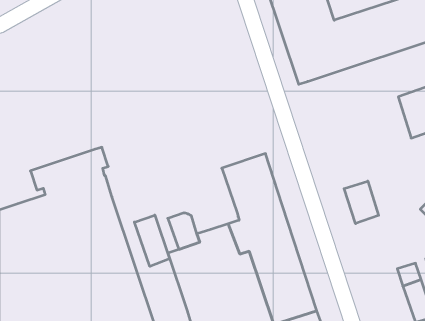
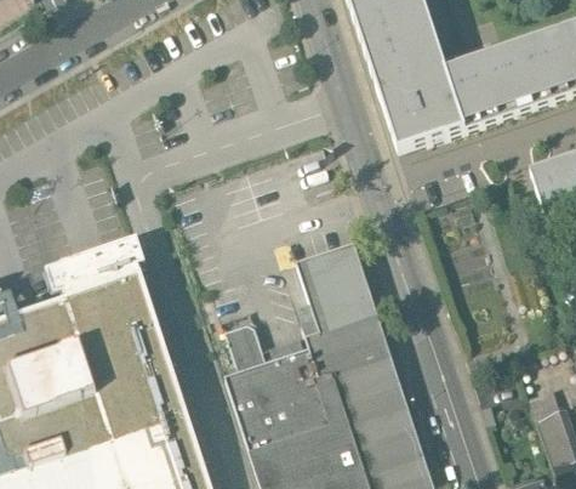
building: [344,181,379,224] -> none
building: [134,215,170,266] -> none

